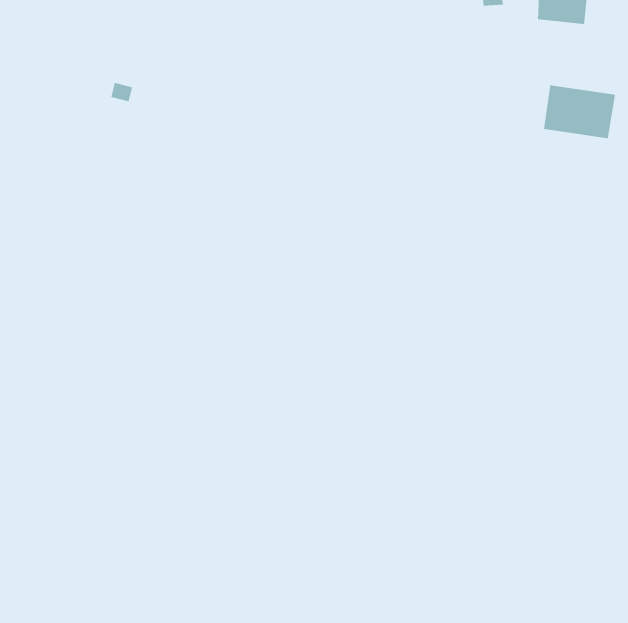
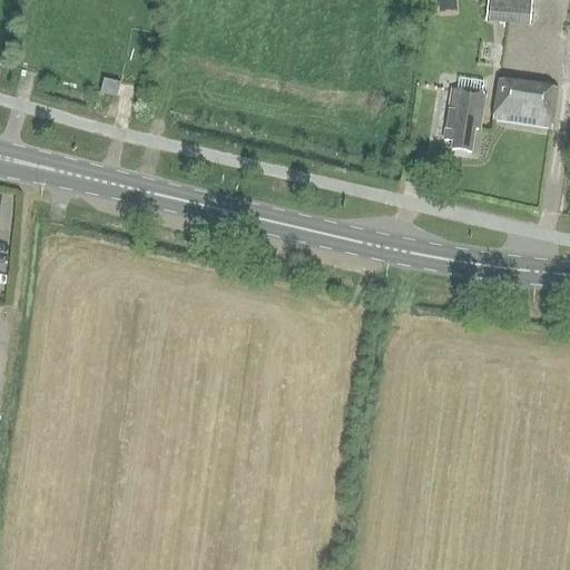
building: none -> [443,87,484,149]

